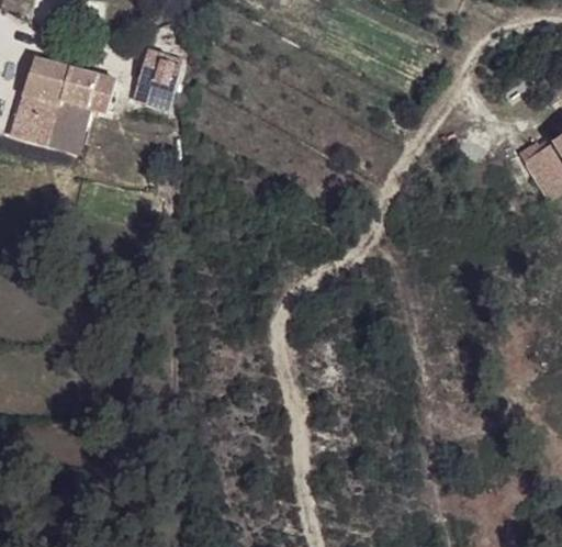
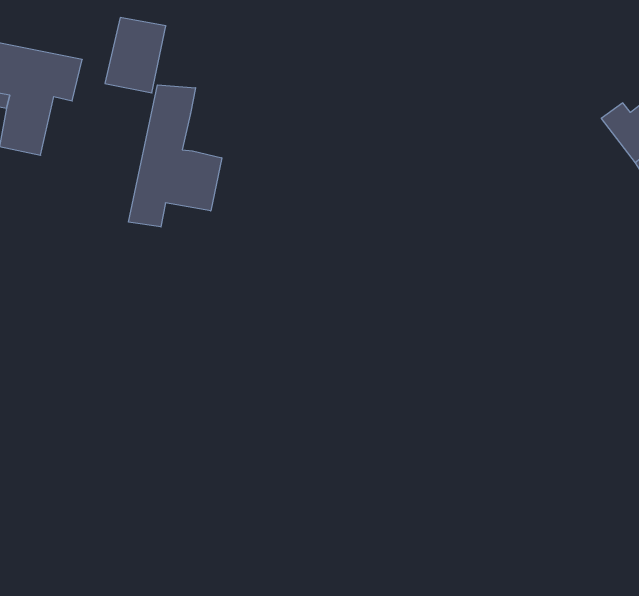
building: none -> [129,85,222,227]

